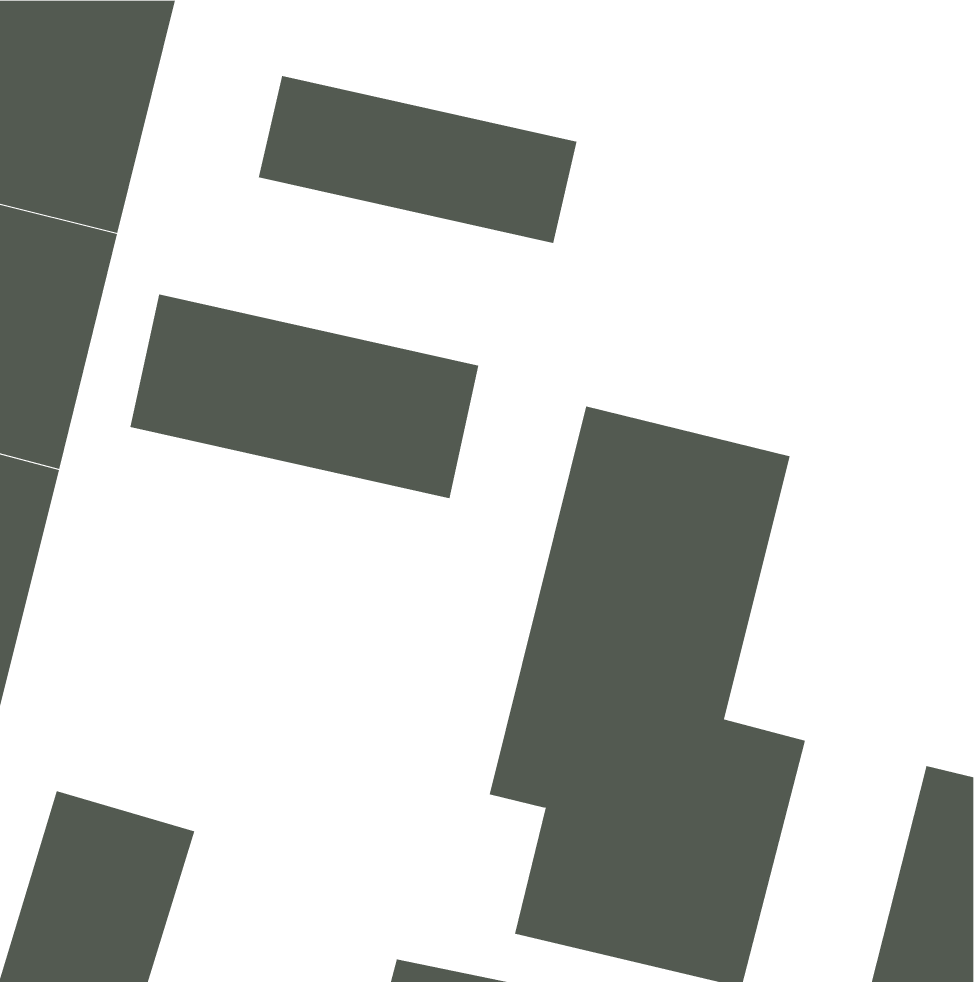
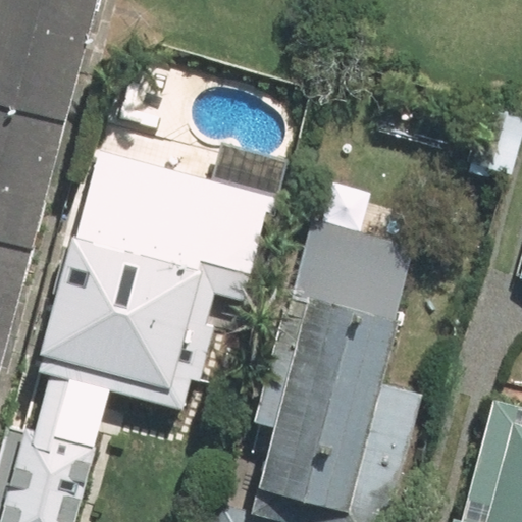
building: [258,75,577,244] -> none
building: none -> [43,237,218,389]

